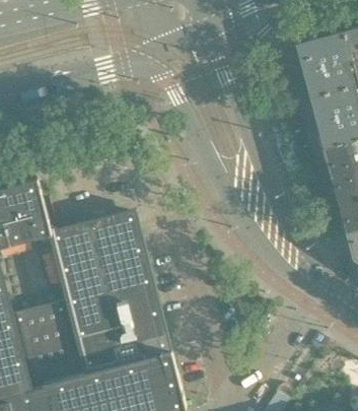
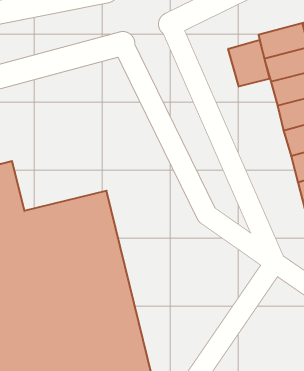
building: none -> [228,40,269,87]

